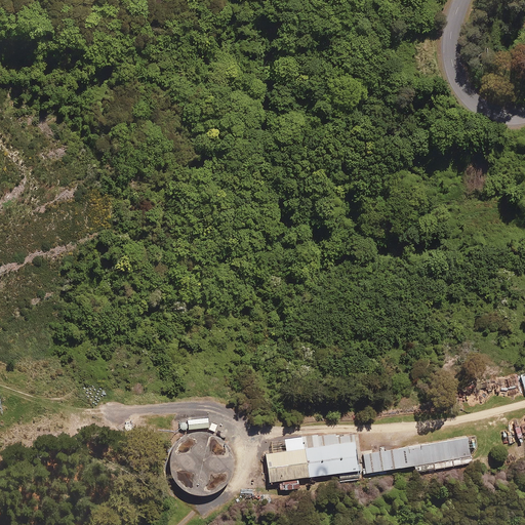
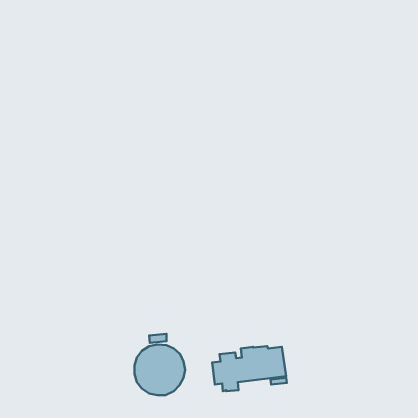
building: [364,438,471,474] -> none

